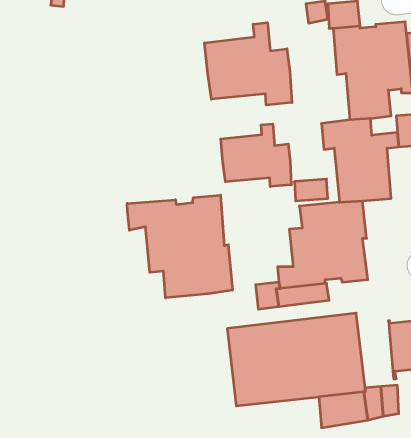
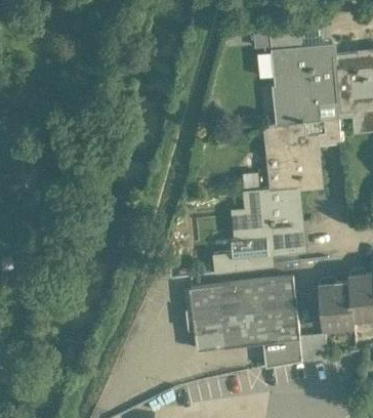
building: [204,23,292,105] -> none
building: [221,124,291,187] -> none
building: [127,195,232,298] -> none

